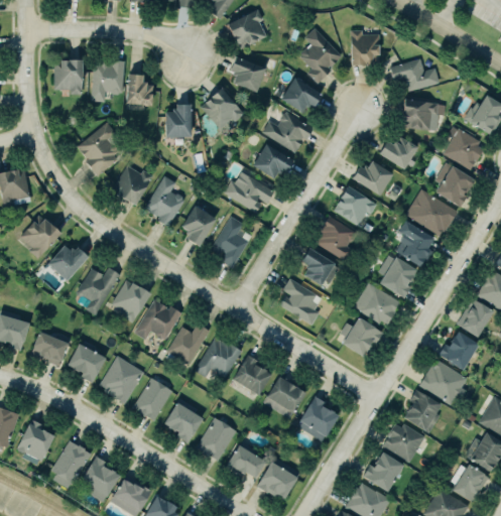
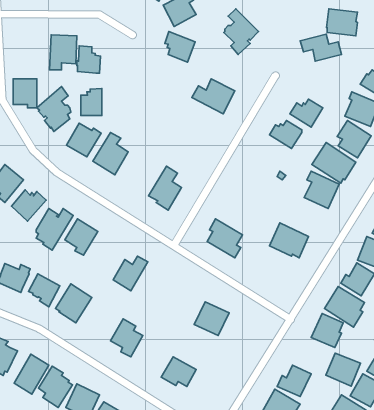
building: [351,29,379,64] -> none
building: [54,59,83,94] -> [13,79,37,108]
building: [281,77,322,112] -> none
building: [204,87,245,128] -> none
building: [401,98,439,130] -> [326,9,358,36]
building: [166,104,192,136] -> [81,88,102,115]
building: [252,143,293,178] -> none
building: [224,172,274,211] -> none
building: [333,184,376,225] -> none
building: [181,205,217,246] -> none
building: [315,216,356,261] -> none
building: [300,247,334,284] -> none
building: [378,255,415,297] -> none
building: [134,299,181,339] -> none
building: [339,316,382,358] -> none
building: [194,337,241,380] -> none
building: [231,353,271,395] -> none
building: [134,378,171,420] -> none
building: [298,395,337,440] -> none
building: [197,417,236,461] -> none
building: [383,422,424,462] -> [326,353,360,386]
building: [257,457,299,501] -> none

